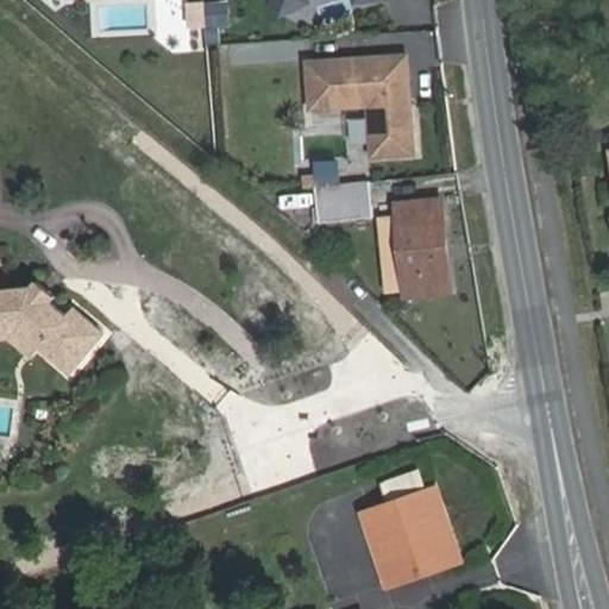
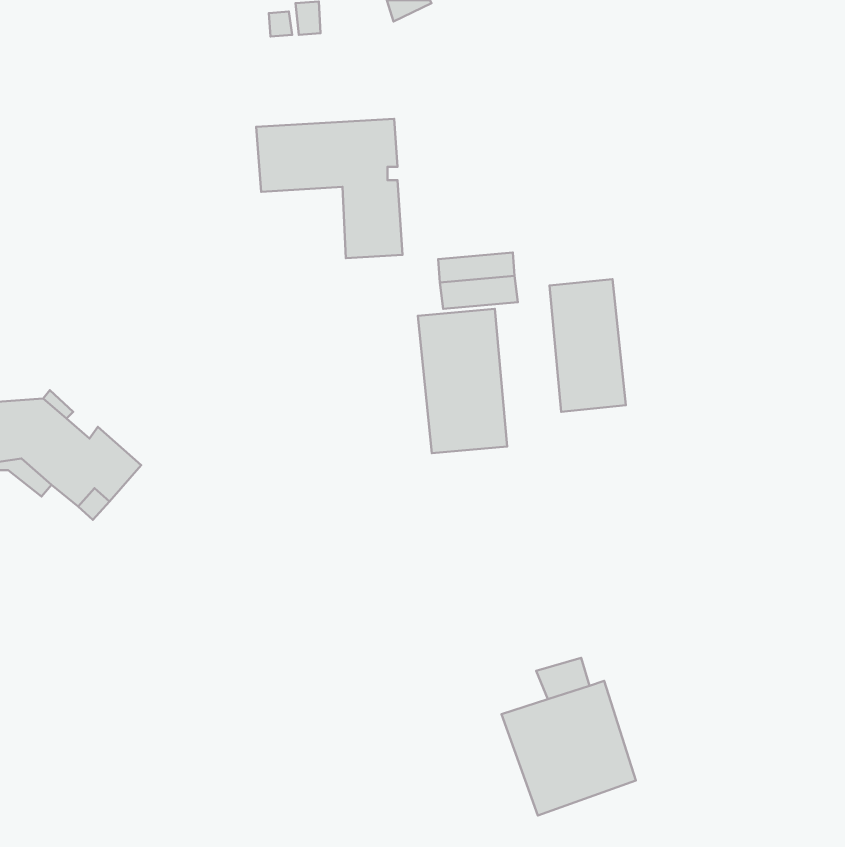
building: [307,56,412,156] -> [256,119,402,258]
building: none -> [418,309,507,453]

